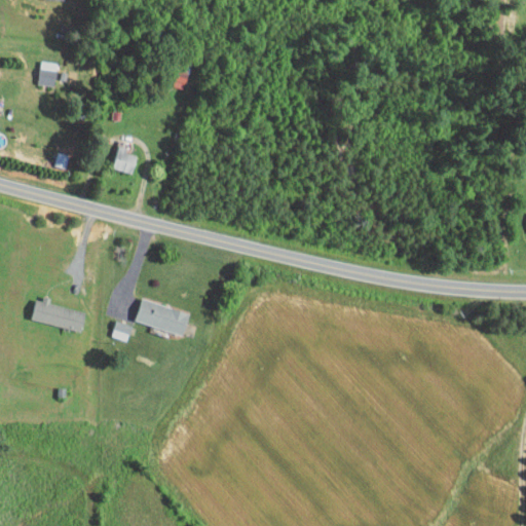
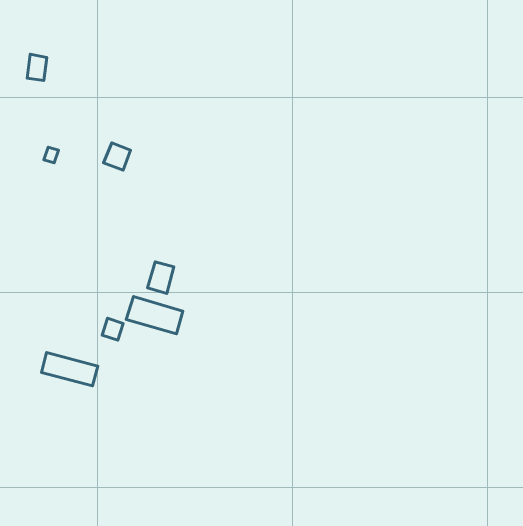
building: none -> [147,262,174,293]
building: [31,300,86,333] -> [41,353,98,386]

